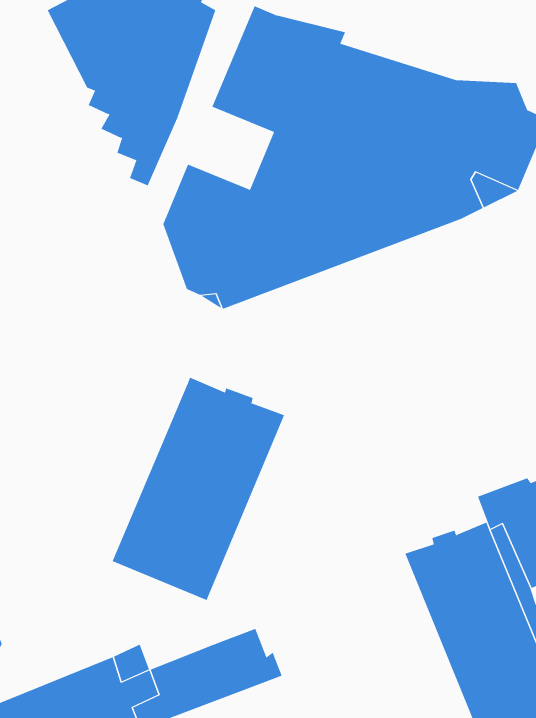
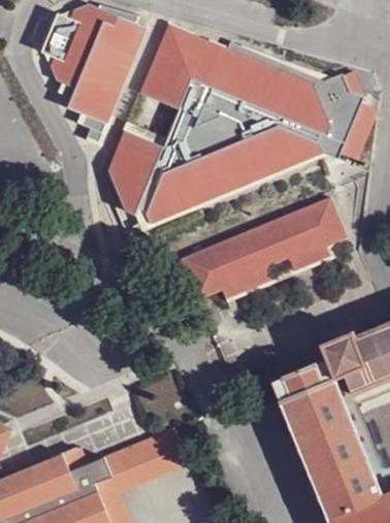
building: none -> [184,198,343,299]
building: [112,377,285,601] -> none

